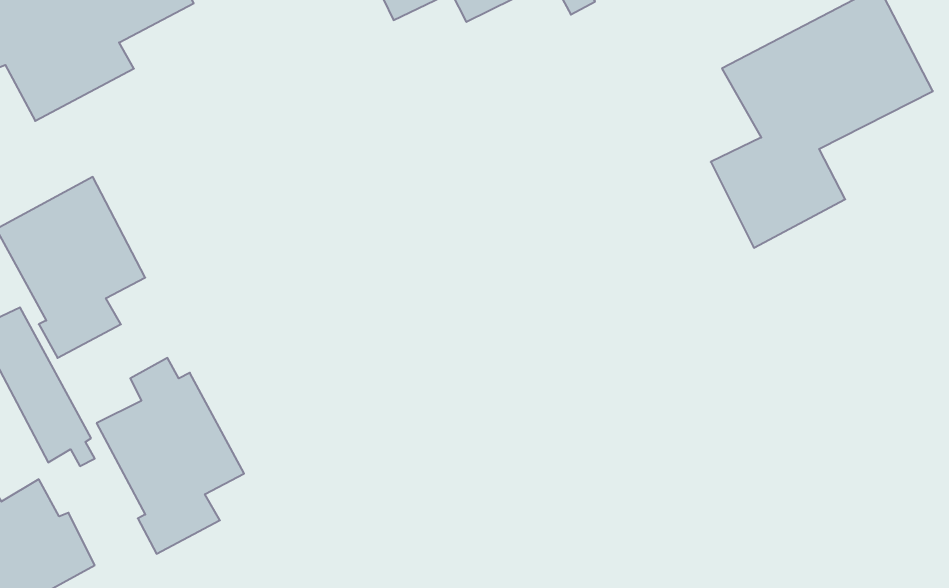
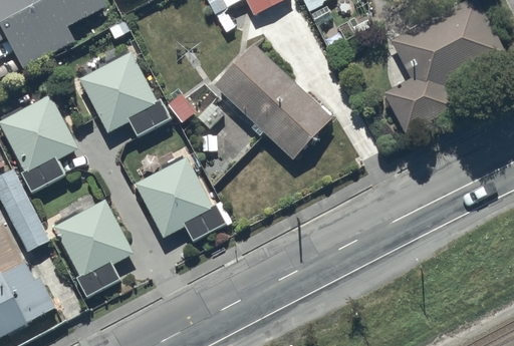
building: none -> [212,40,331,156]
building: none -> [79,53,170,137]
building: none -> [136,159,234,243]

